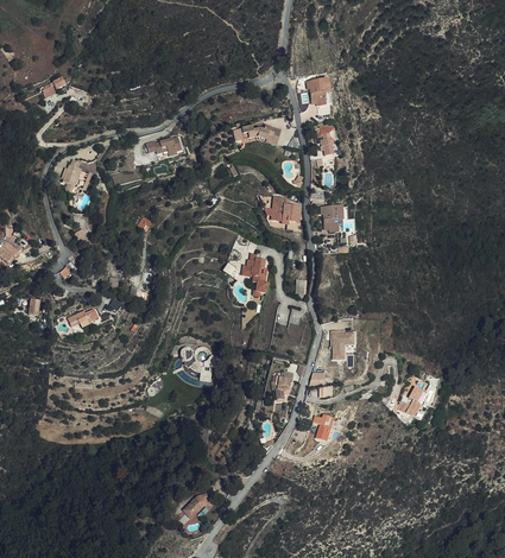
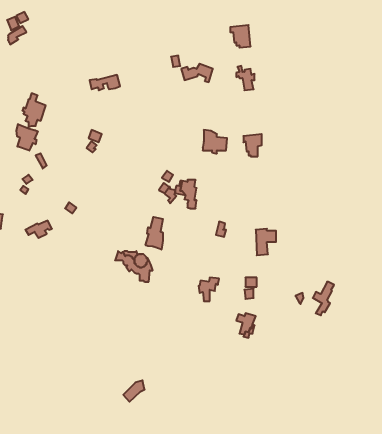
building: none -> [17,124,38,151]
building: none -> [146,217,163,250]

